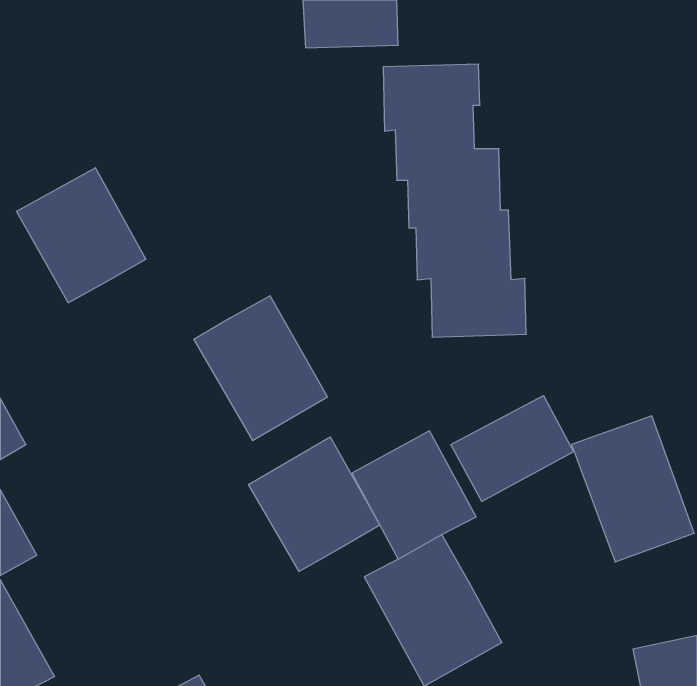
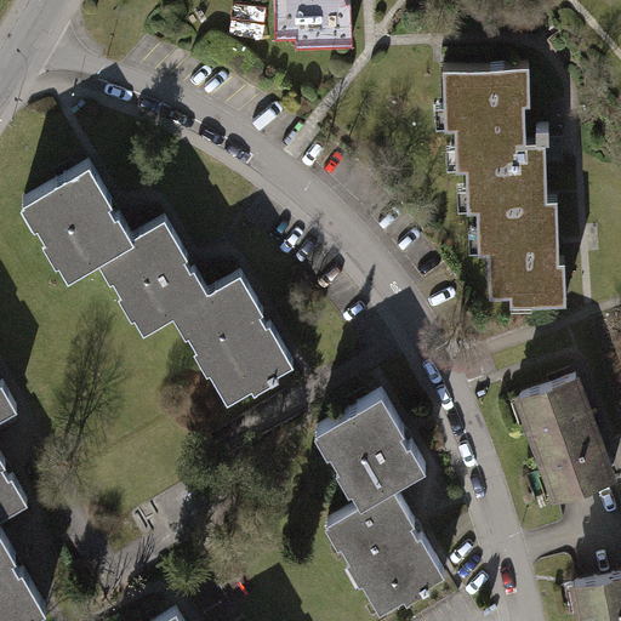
building: [383,64,526,337] -> [444,65,571,308]
building: none -> [96,221,205,331]
building: [451,396,574,501] -> none
building: [249,437,380,571] -> none

